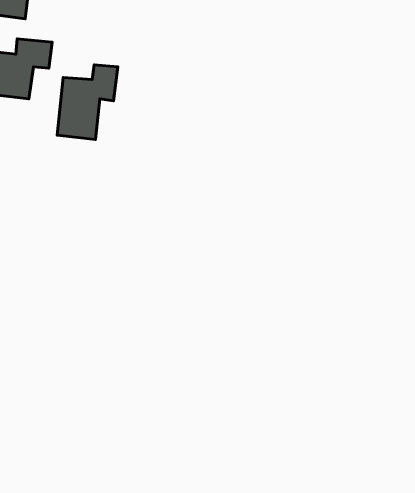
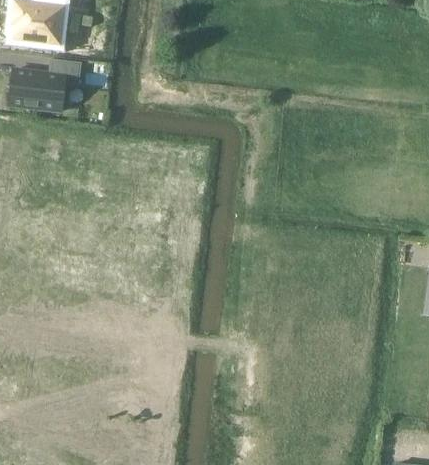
building: [57,65,118,139] -> none

